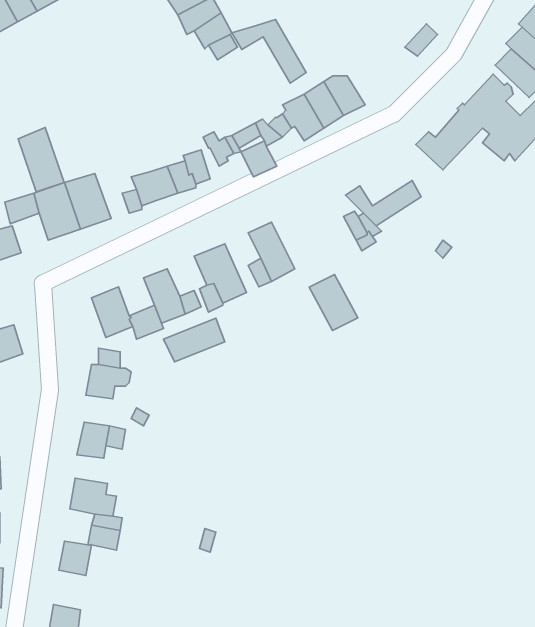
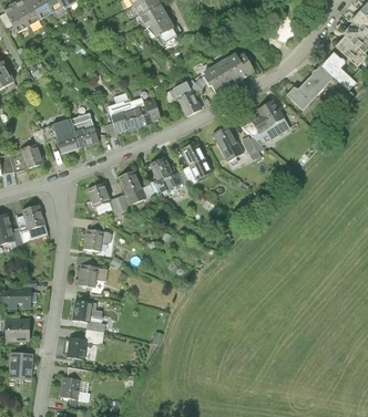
building: [232,20,306,83] -> none
building: [18,128,64,192] -> none
building: none -> [252,100,284,133]
building: [309,274,358,330] -> [213,126,243,160]
building: [163,318,225,362] -> none

